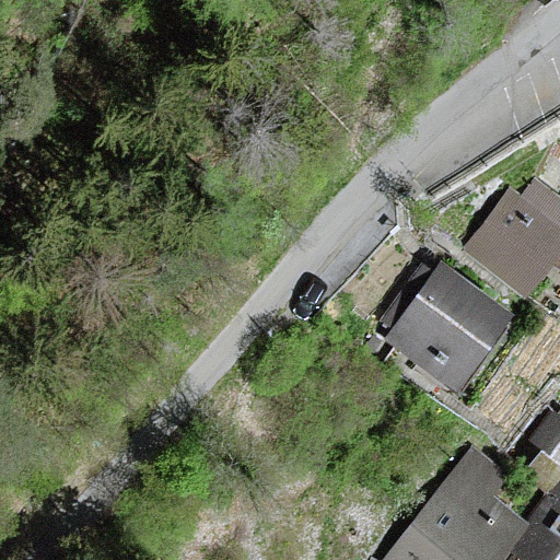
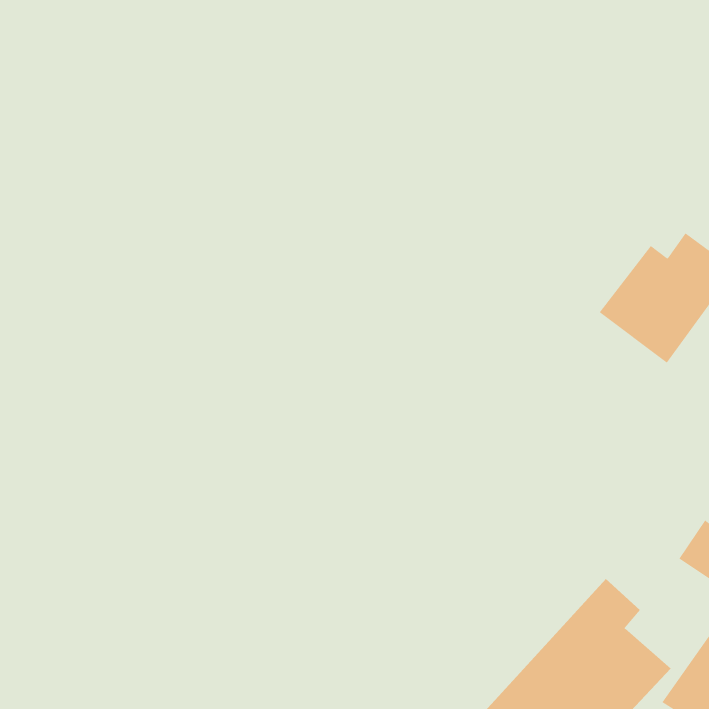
building: [387,269,510,385] -> none

